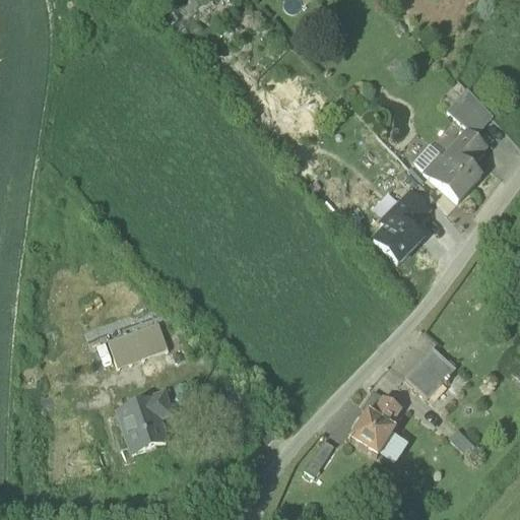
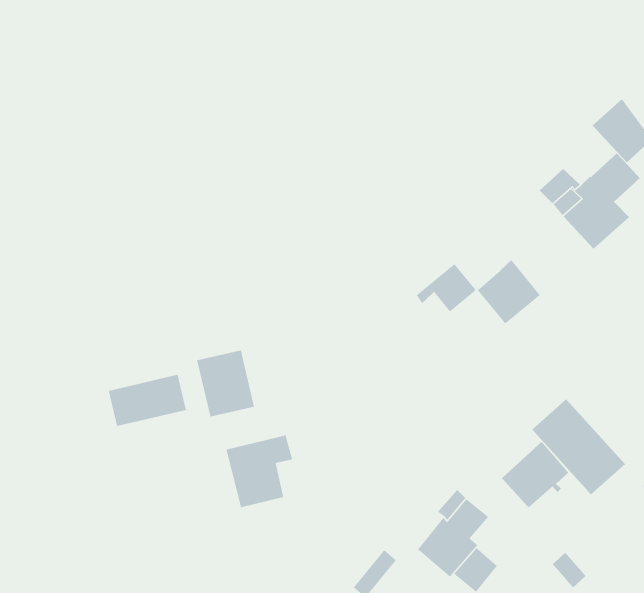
building: [384,190,429,226] -> [416,263,477,312]
building: none -> [196,350,255,418]
building: none -> [531,398,626,495]
building: [119,393,170,451] -> [226,434,293,508]

